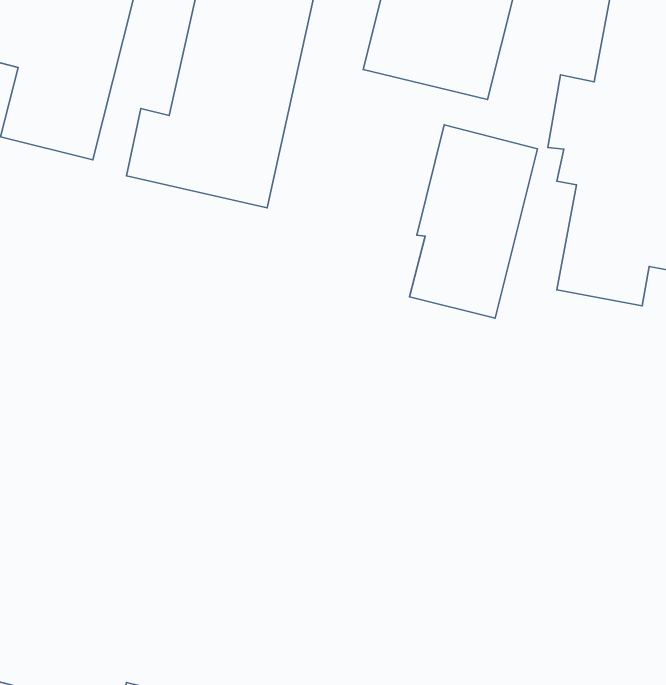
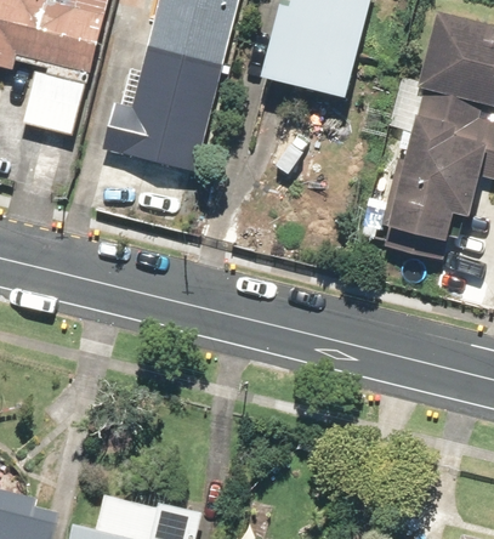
building: [410,125,537,318] -> none

